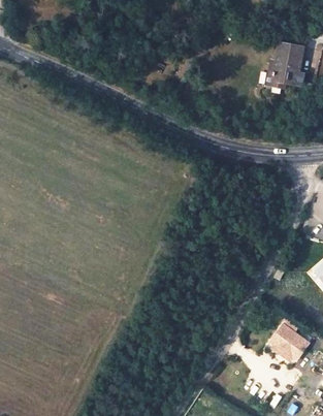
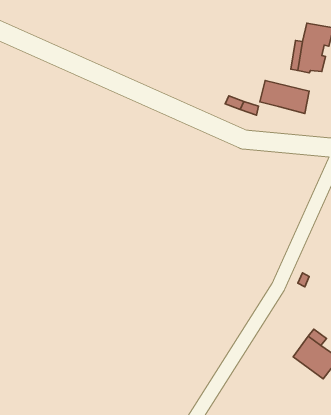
building: none -> [260,80,309,114]

